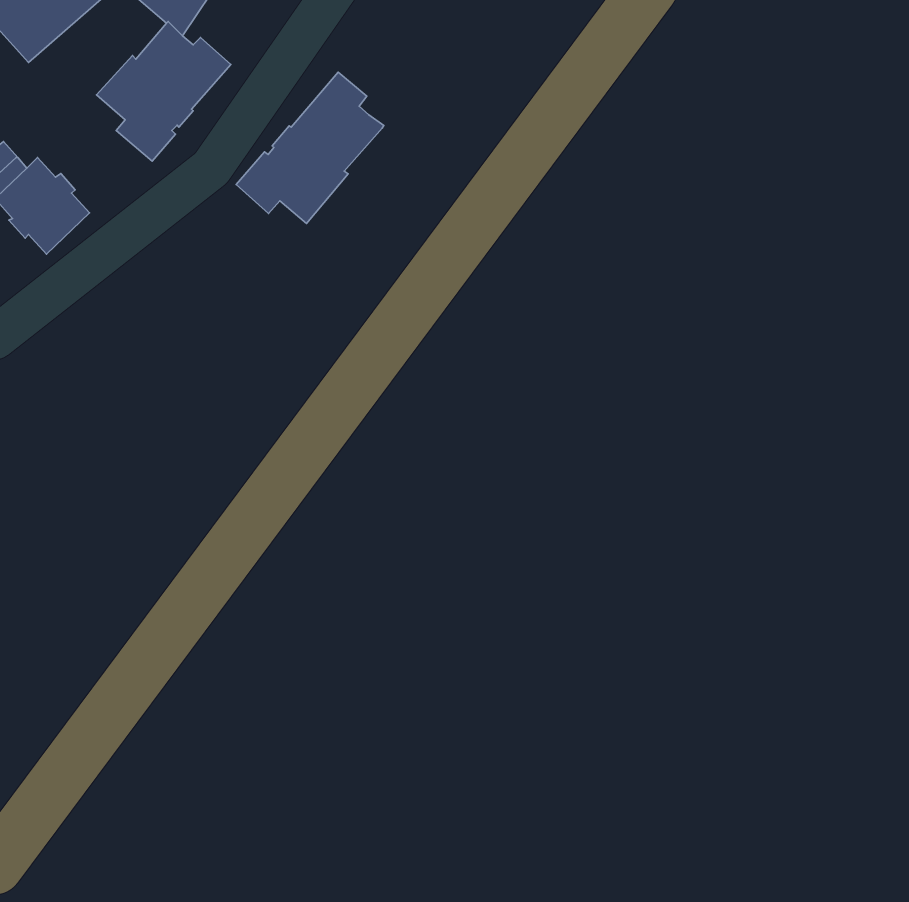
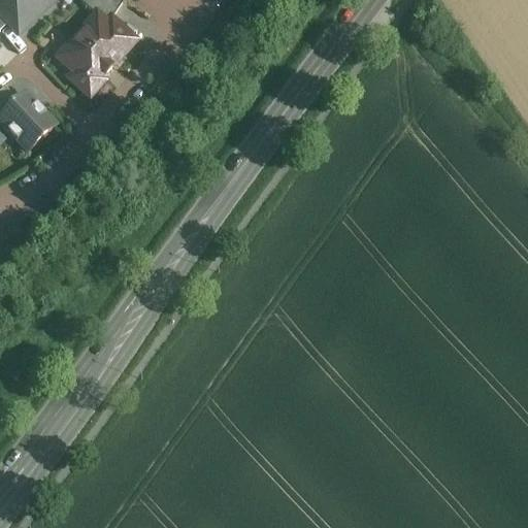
building: [236,72,384,223] -> none

